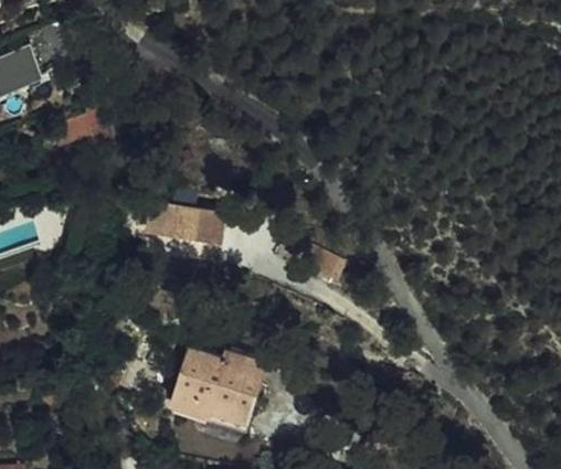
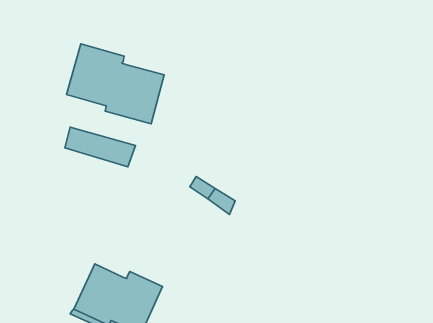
building: none -> [67,44,164,124]

